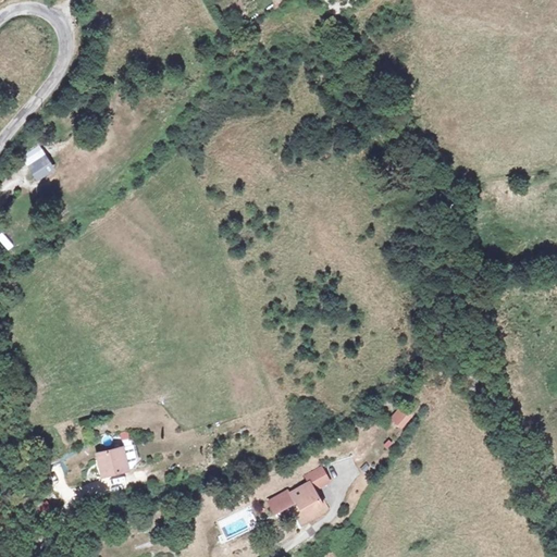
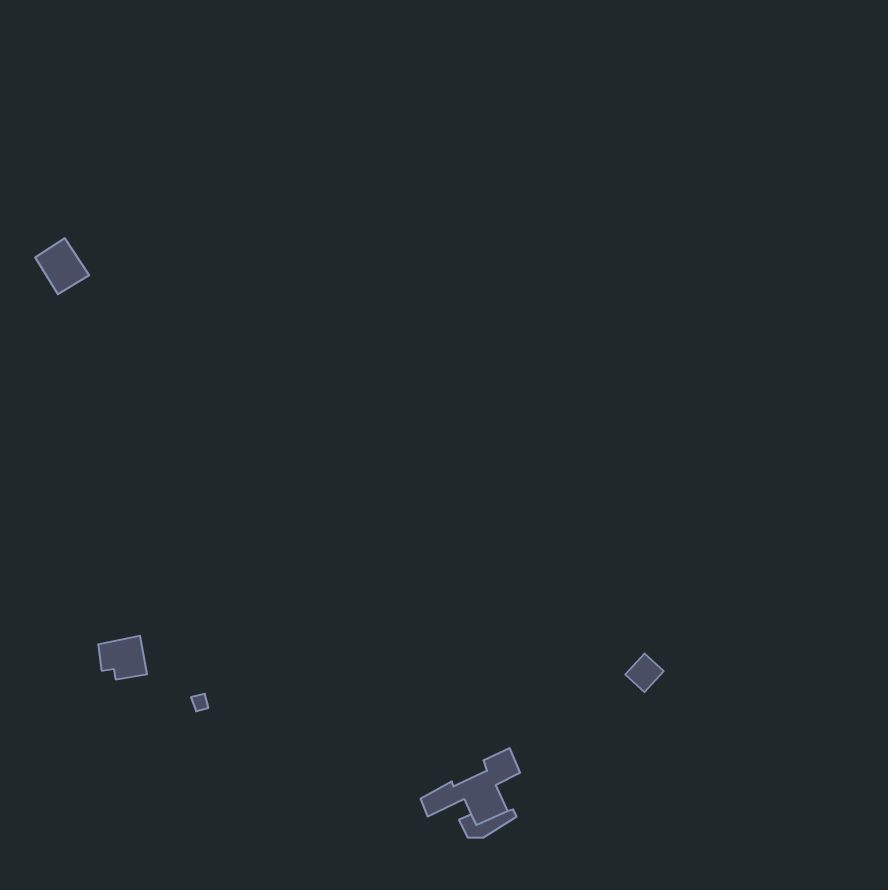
building: [97,447,127,474] -> [98,636,147,679]

